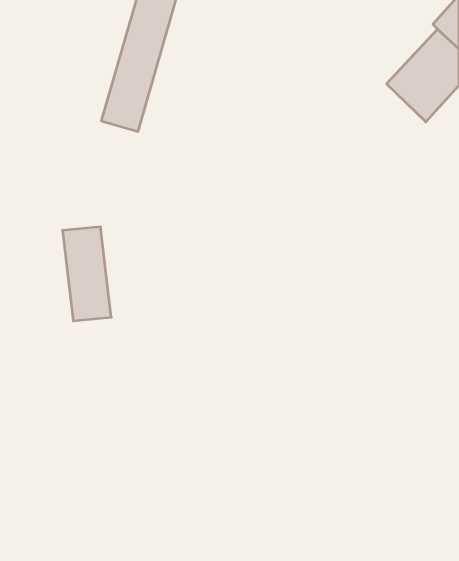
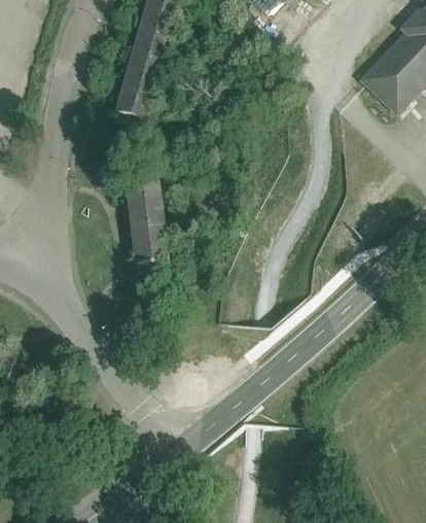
building: [63,227,111,321] -> [125,180,167,262]

